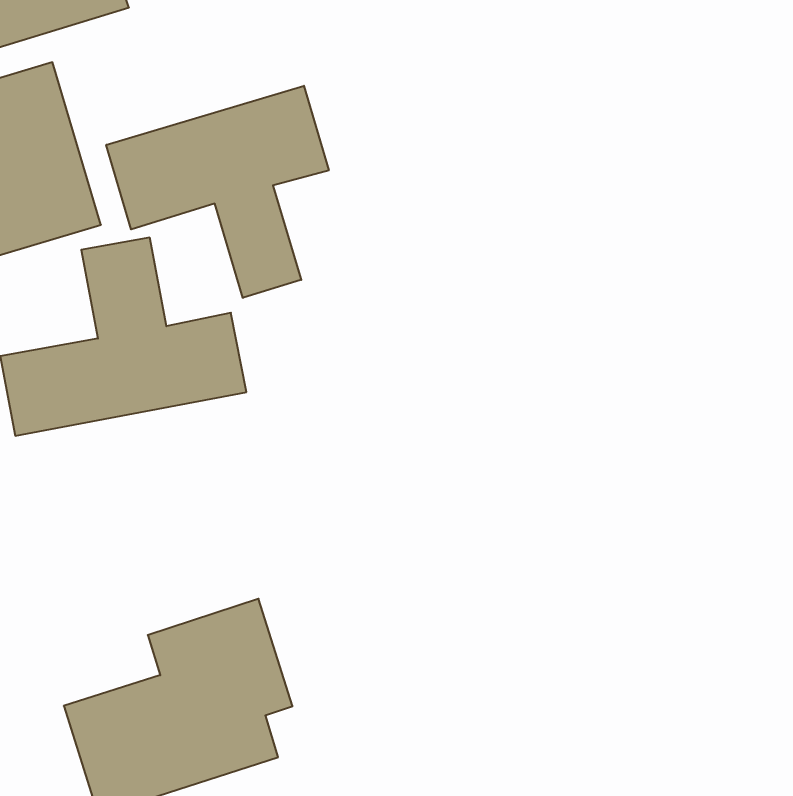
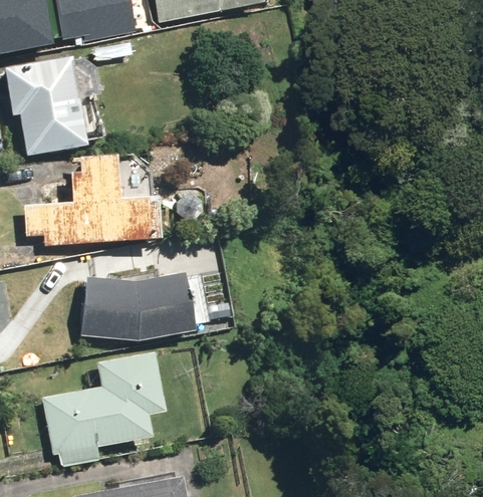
building: [106,86,329,298] -> none
building: none -> [83,272,194,343]

